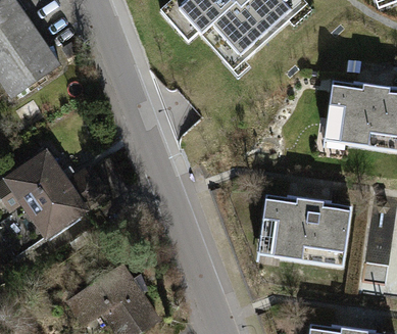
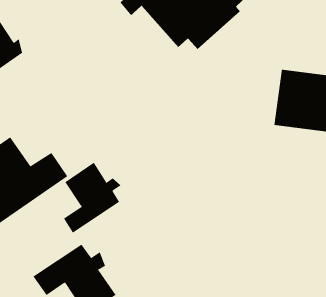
building: none -> [63,162,121,234]
building: [258,194,351,265] -> none

